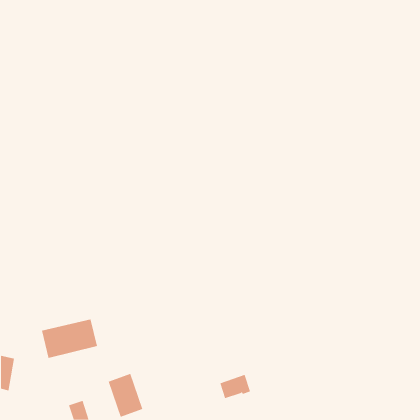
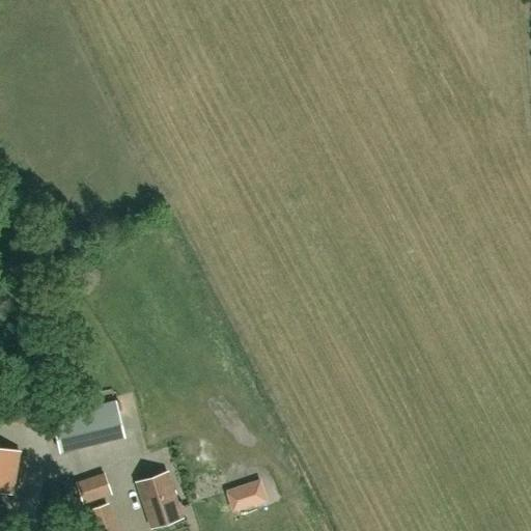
building: [220,374,251,399] -> [226,479,266,510]
building: none -> [77,474,110,502]

